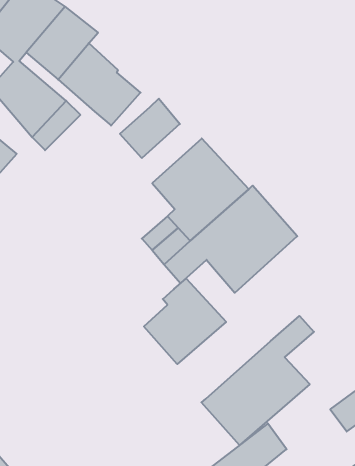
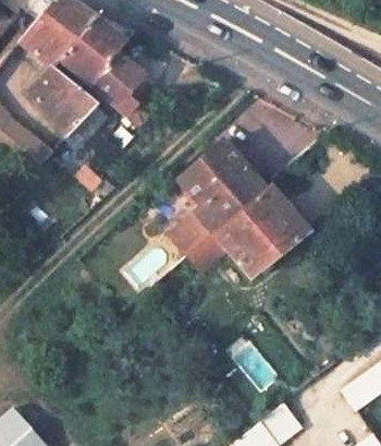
building: [120,99,180,158] -> none
building: [144,278,226,364] -> none
building: [201,316,314,445] -> none

